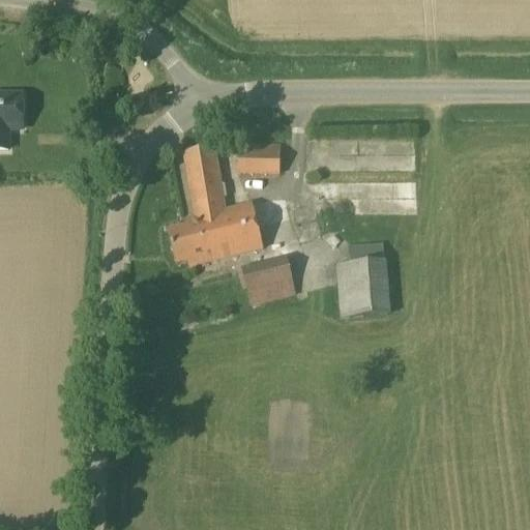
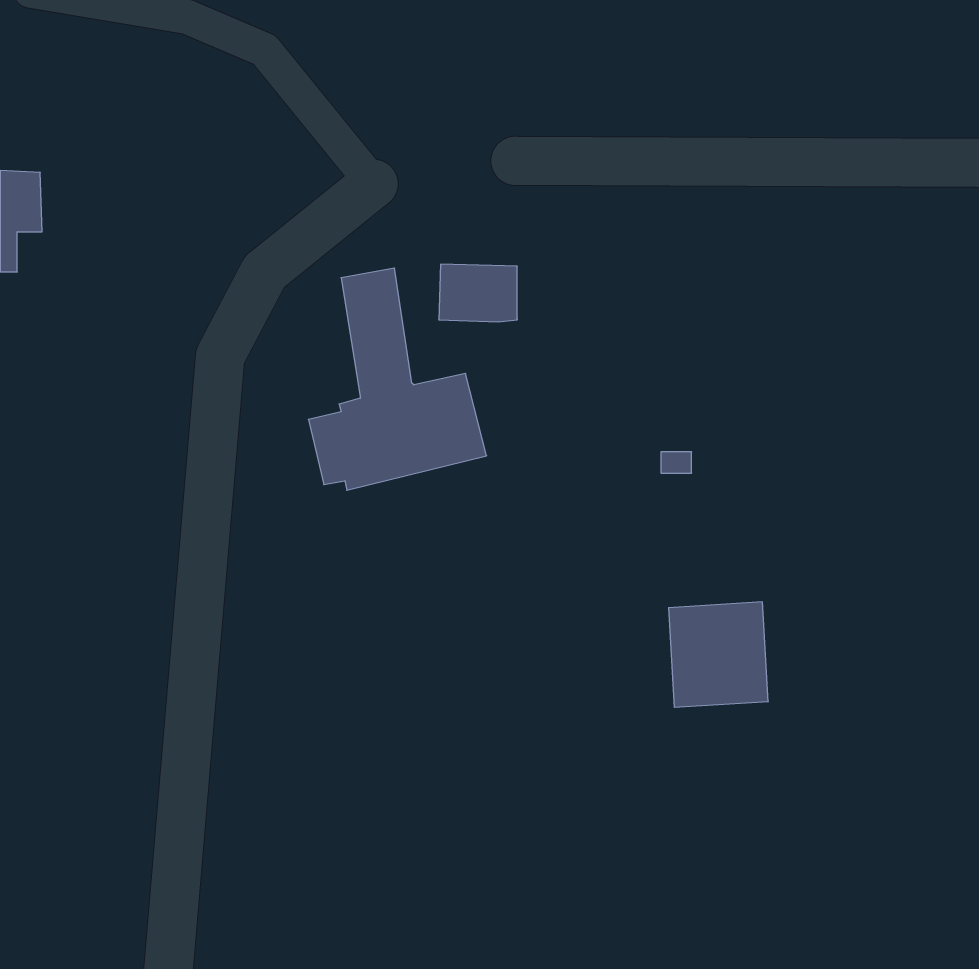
building: [240,255,295,304] -> none
building: [336,258,390,315] -> [669,602,768,707]

